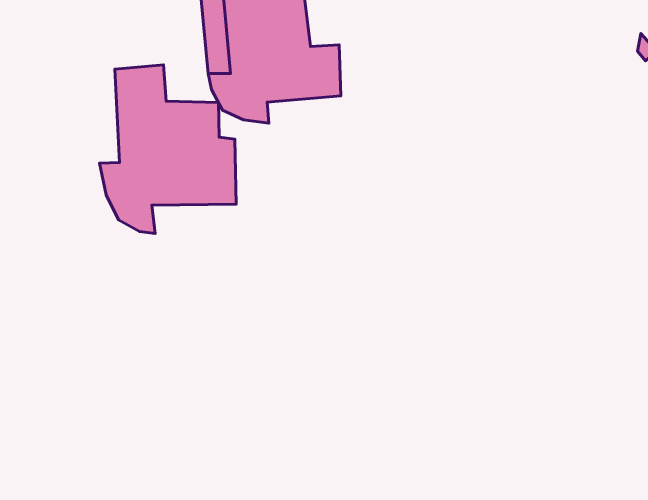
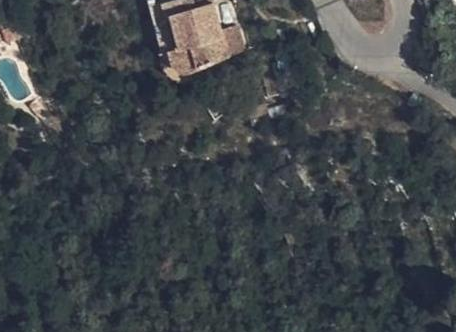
building: [100,65,236,233] -> none

